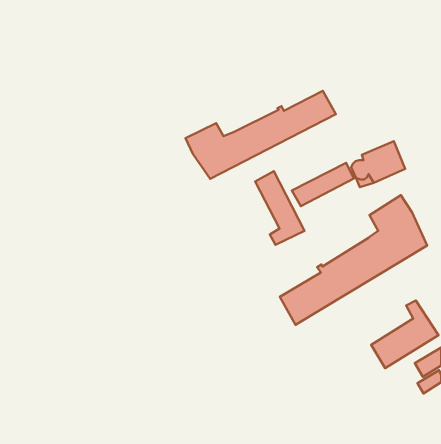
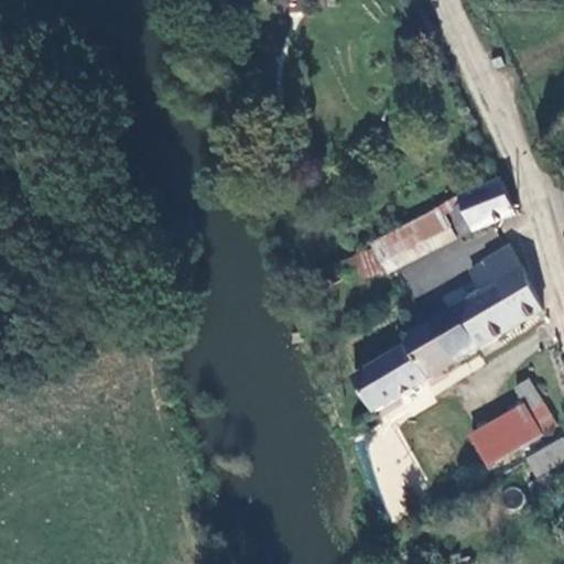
building: [185,91,336,179] -> none
building: [255,171,305,245] -> none

